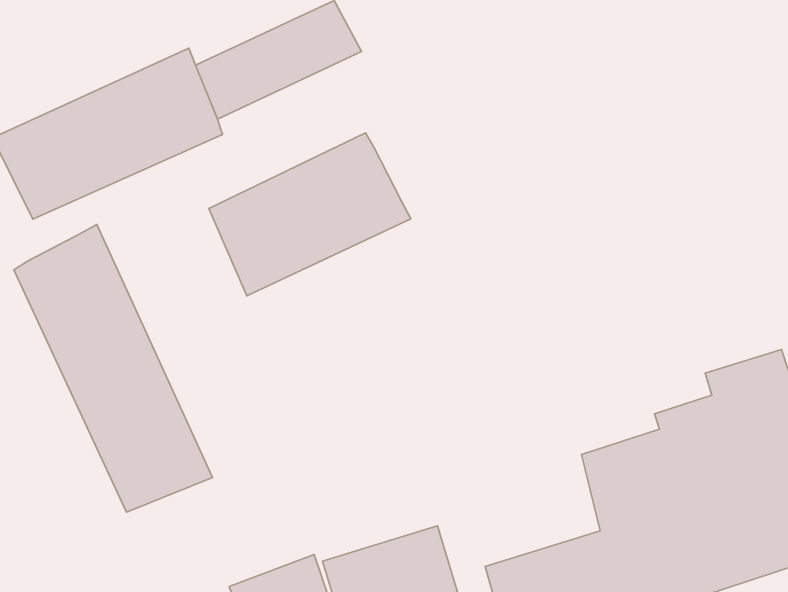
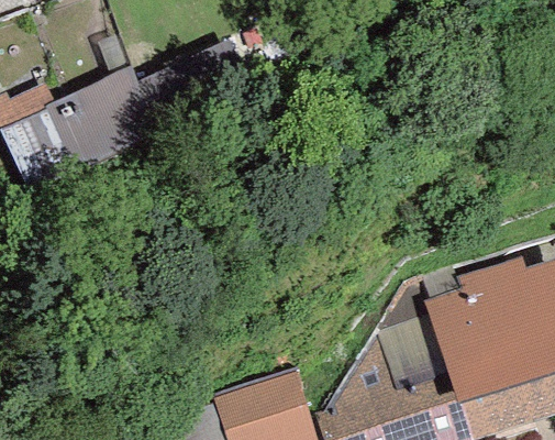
building: [209,133,411,296] -> none
building: [14,225,212,512] -> none

